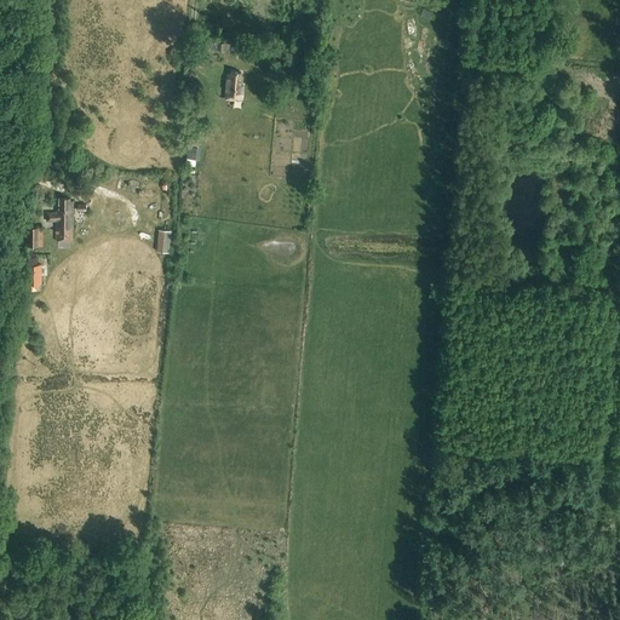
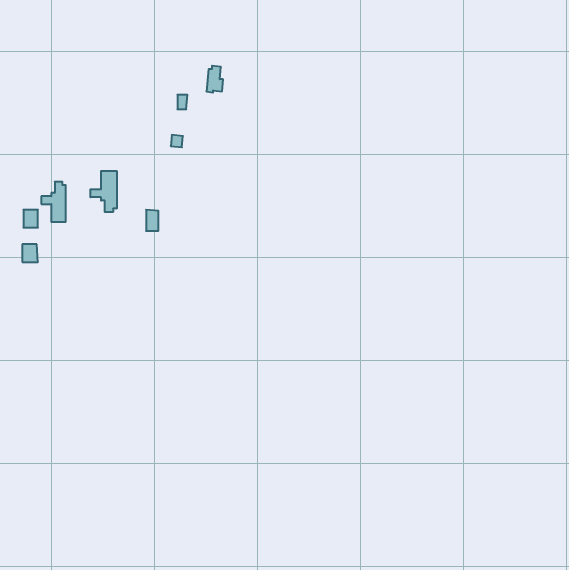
building: none -> [90,171,117,212]

